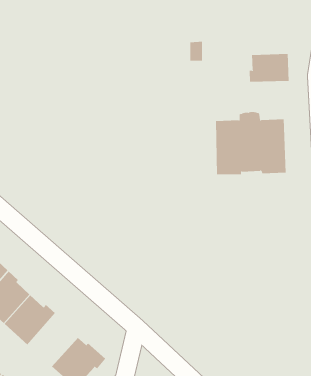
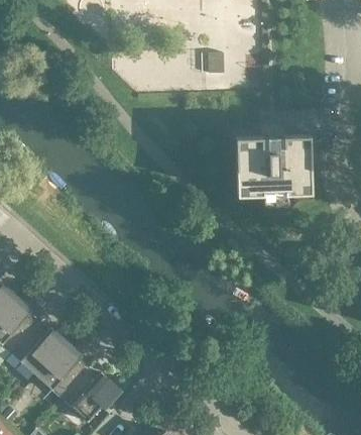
building: [249,53,289,82] -> none
building: none -> [36,342,90,399]

